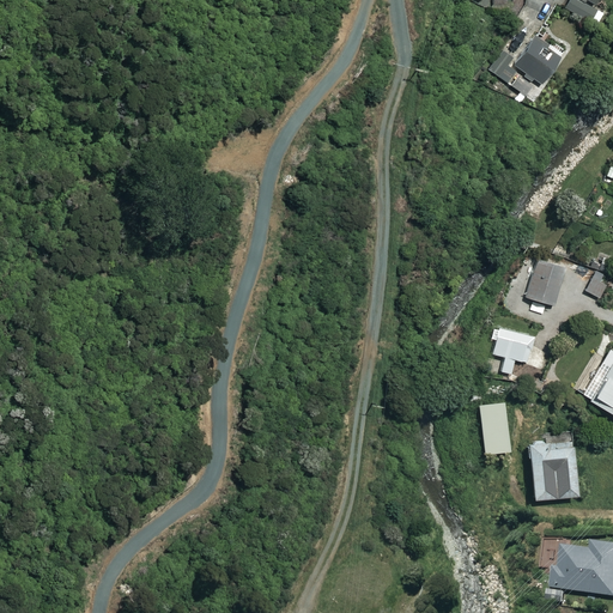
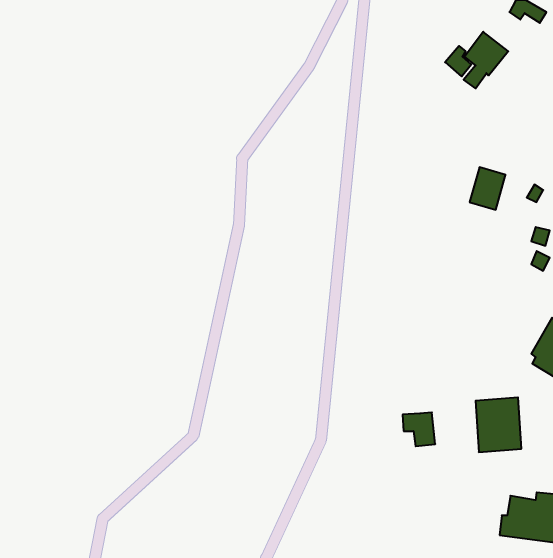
building: [527,257,566,304] -> [470,167,506,210]
building: [493,328,534,372] -> none
building: [471,408,506,445] -> [403,412,435,446]

